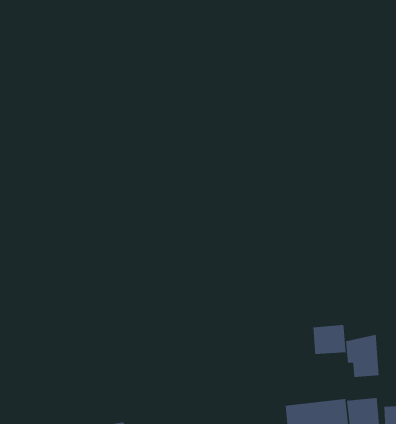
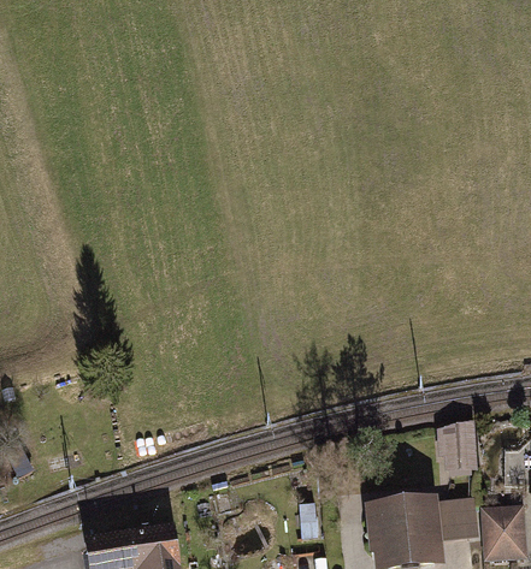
building: [313,324,346,355] -> none

